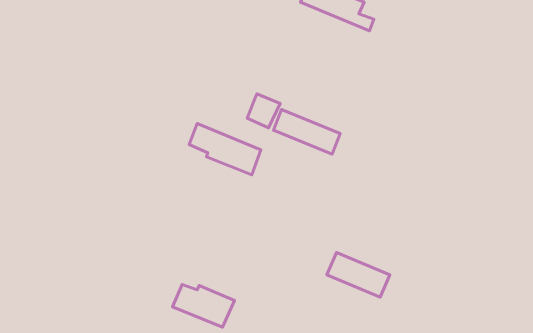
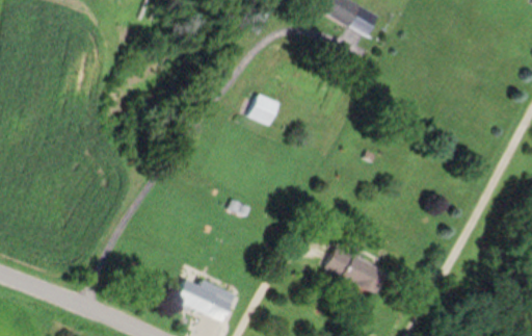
building: [273,109,340,154] -> none
building: [189,124,261,175] -> none

